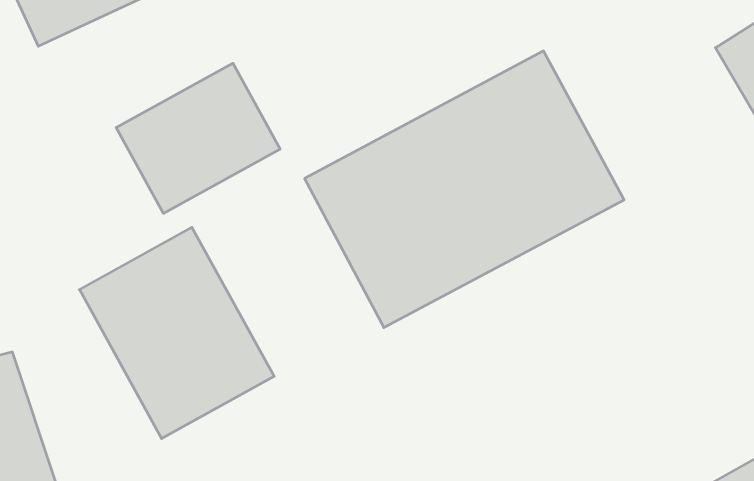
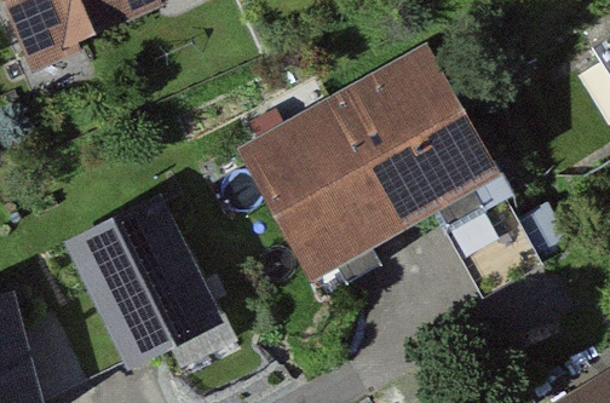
building: [116,63,280,213] -> none

